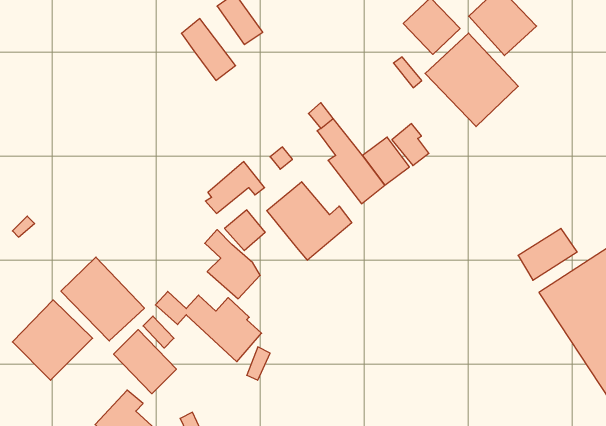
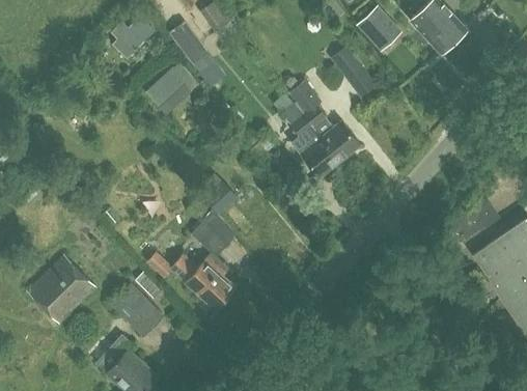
building: none -> [111,17,155,59]
building: [425,33,518,127] -> none
building: [392,124,429,166] -> [296,92,327,128]
building: [205,162,265,213] -> [148,64,198,108]
building: [267,182,352,260] -> none
building: [61,257,144,341] -> none

